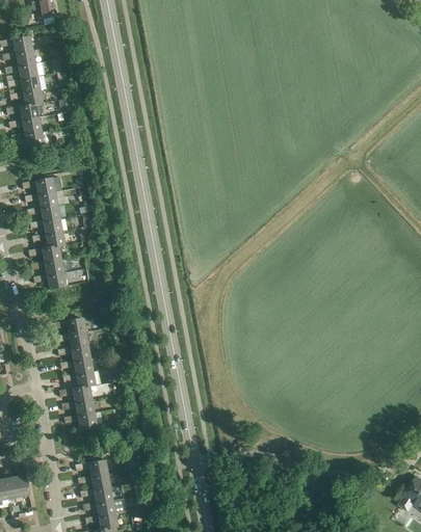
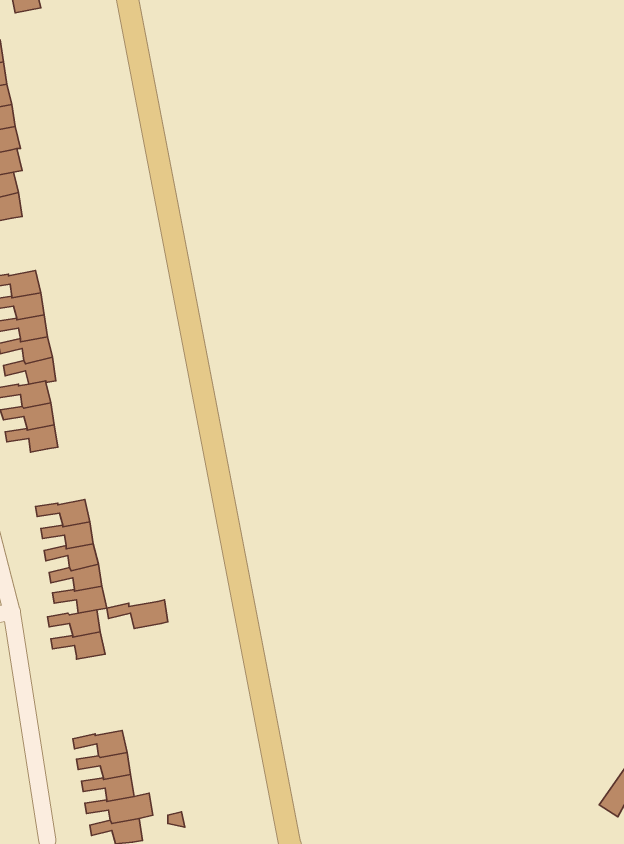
building: [64,410,102,428] -> [107,600,168,629]

